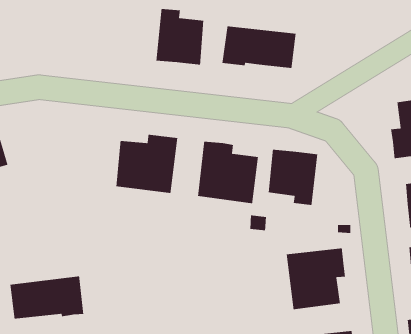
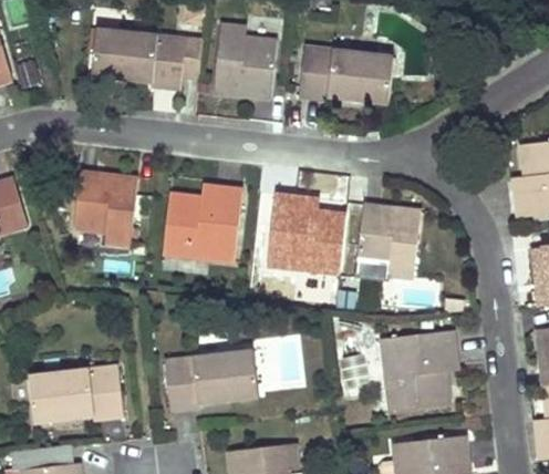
building: none -> [93,29,186,87]
building: none -> [74,172,138,245]
building: none -> [164,351,258,410]

